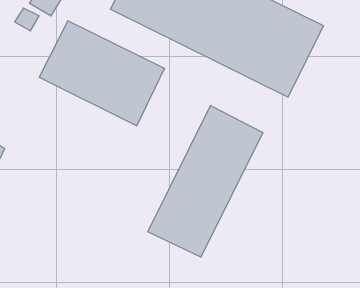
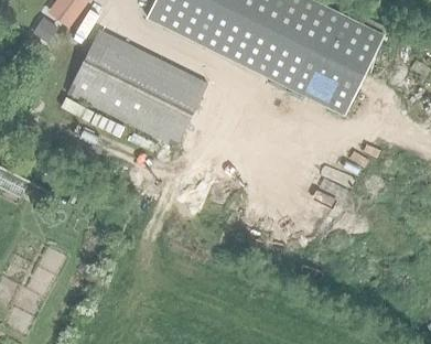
building: [148,105,263,257] -> none

